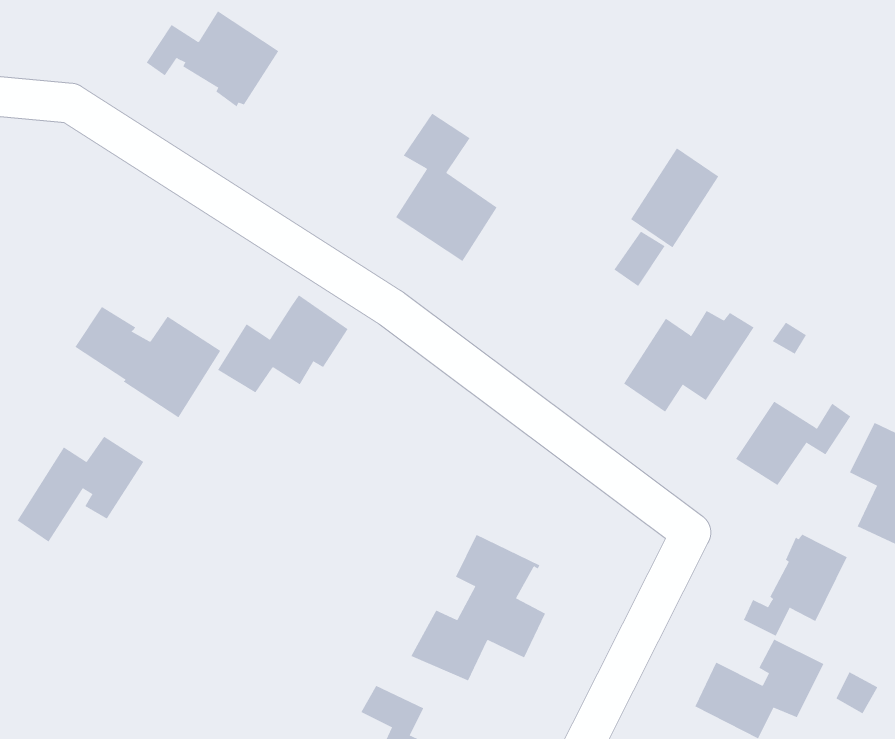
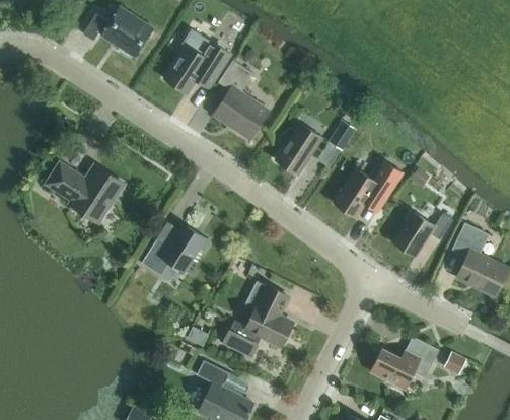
building: none -> [164,41,231,92]
building: [630,148,719,248] -> [276,122,322,174]
building: [217,294,349,393] -> [141,223,210,275]
building: [17,436,144,543] -> none
building: [743,534,848,637] -> none

